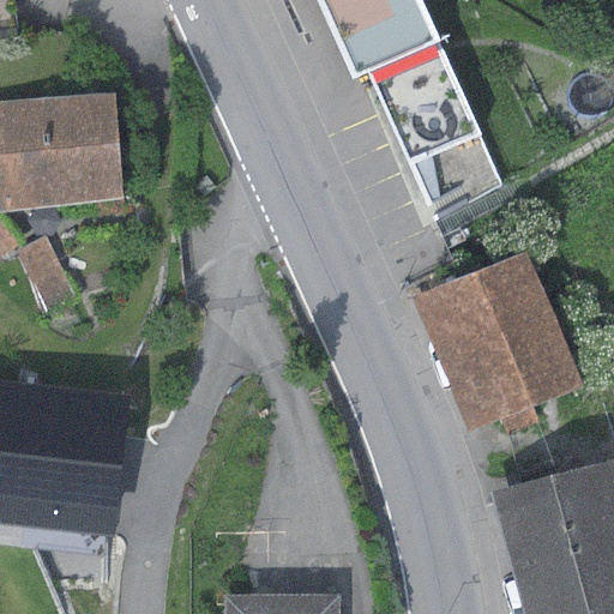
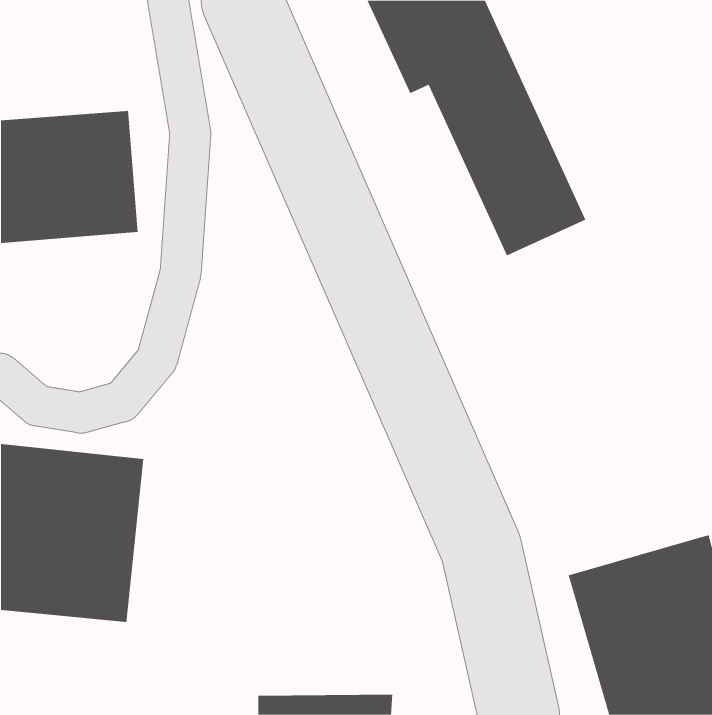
building: [411,252,580,434] -> none

